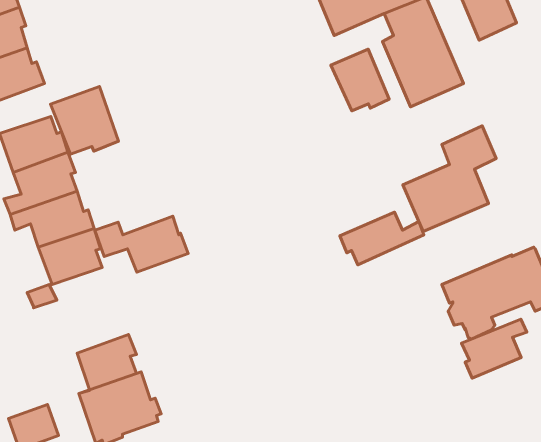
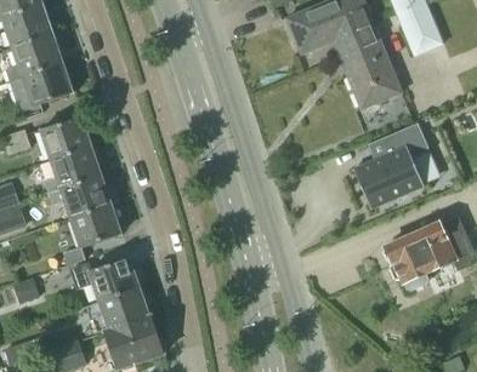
building: [331,49,389,111] -> none
building: [51,87,118,154] -> none
building: [340,212,424,265] -> none
building: [95,216,188,272] -> [68,257,141,301]
building: [462,319,527,378] -> none

